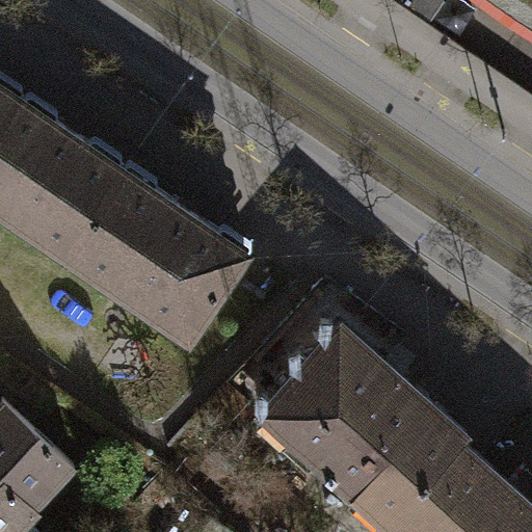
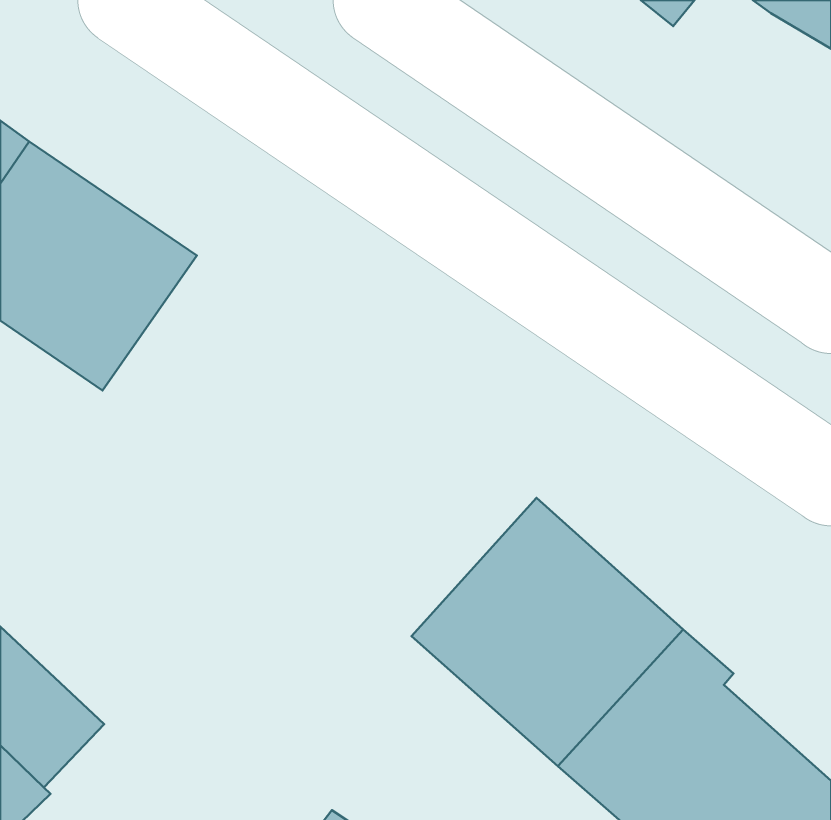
building: [65,170,250,342] -> none

